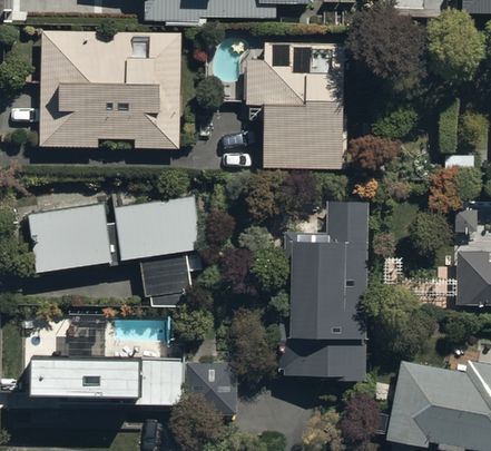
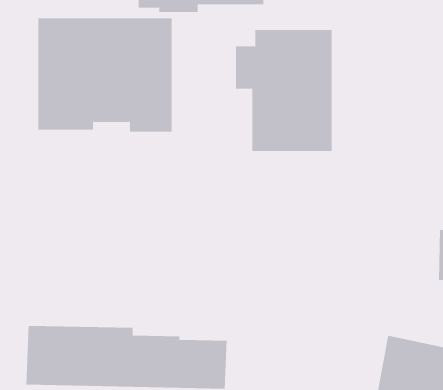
building: [28,196,204,306] -> none
building: [271,203,366,380] -> none

